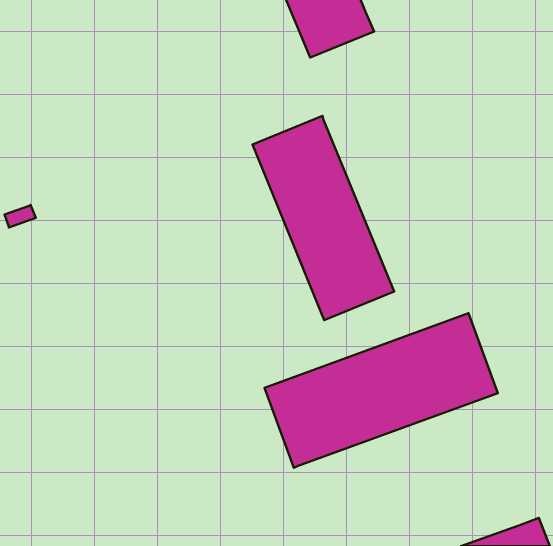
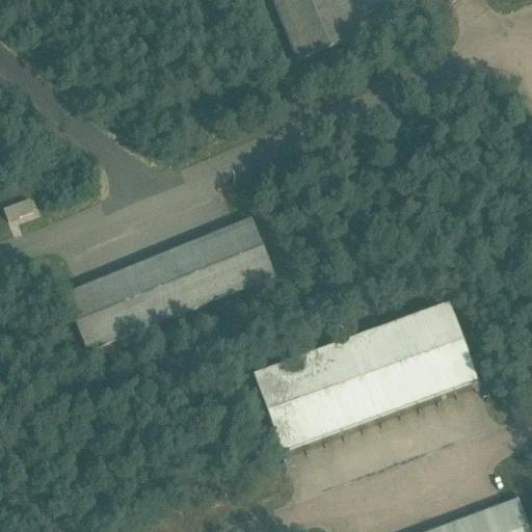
building: [253,116,394,320] -> none
building: none -> [65,216,274,348]

